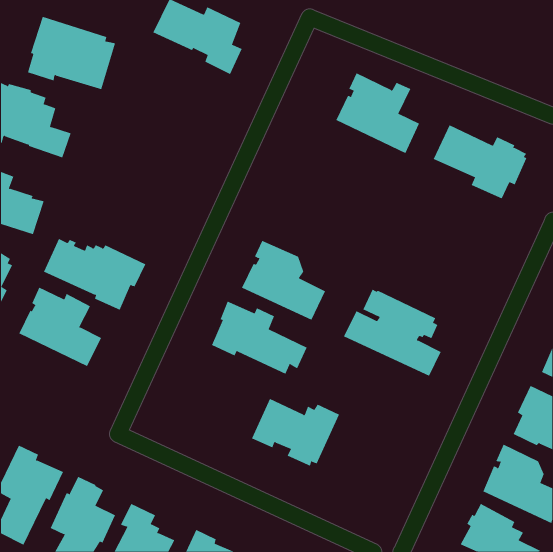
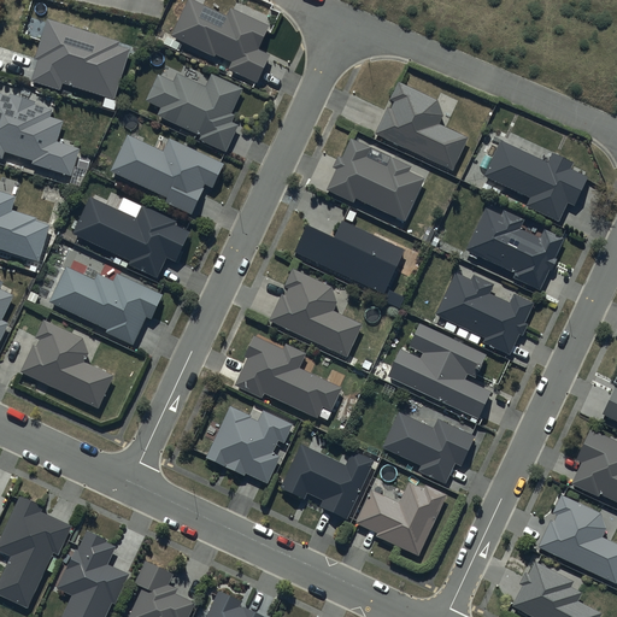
building: none -> [145,71,243,152]
building: none -> [108,130,224,215]
building: none -> [325,137,424,222]
building: none -> [72,194,189,278]
building: none -> [464,206,563,290]
building: none -> [295,219,405,293]
building: none -> [435,271,534,355]
building: none -> [205,405,293,484]
building: none -> [381,411,477,484]
building: none -> [355,481,447,556]

